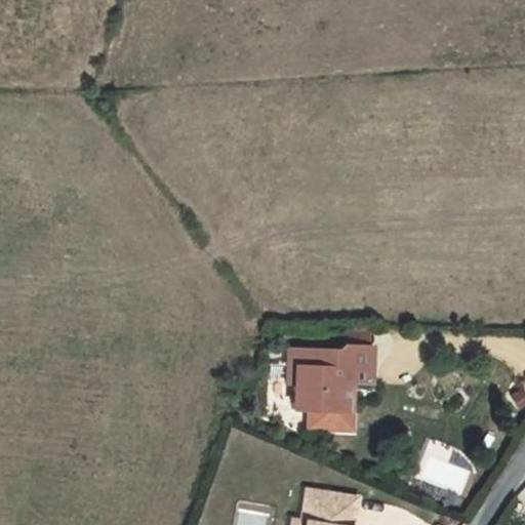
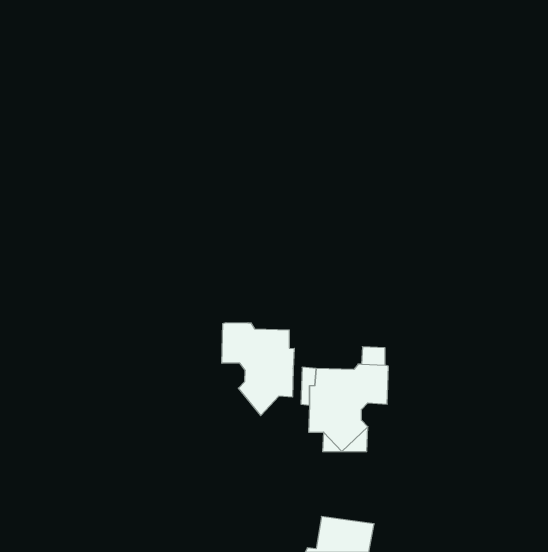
building: none -> [222,323,294,416]

